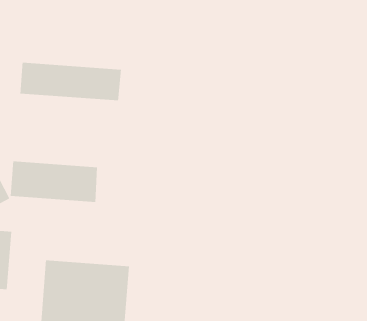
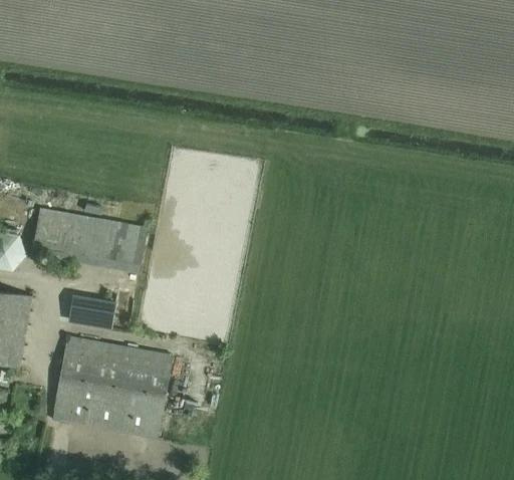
building: [20,62,121,101] -> none
building: none -> [72,297,114,325]

